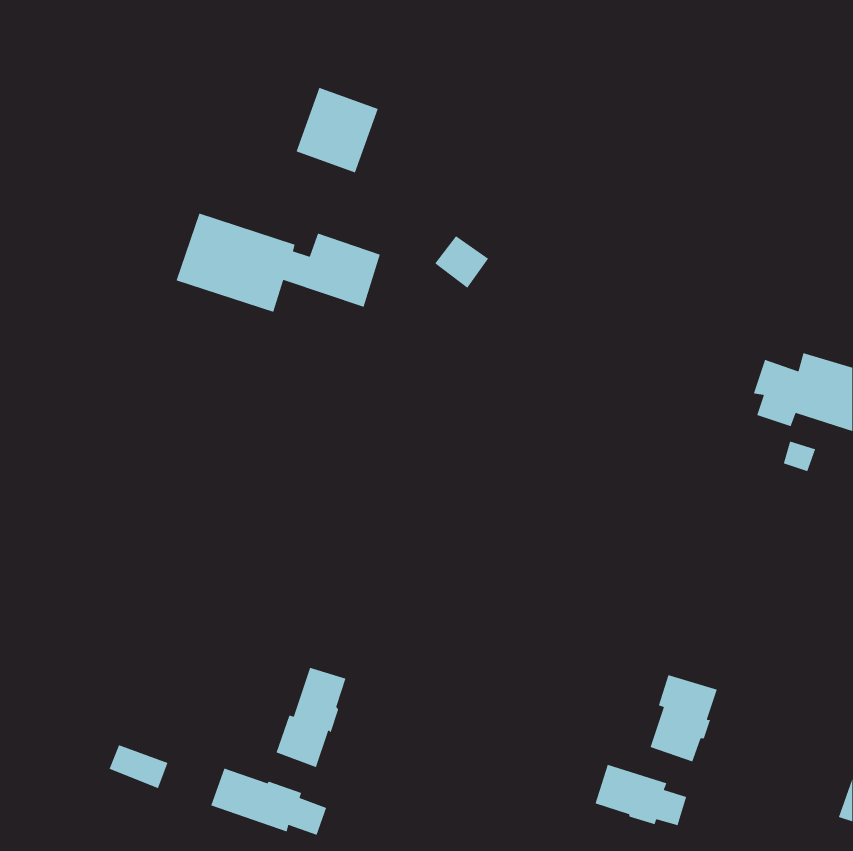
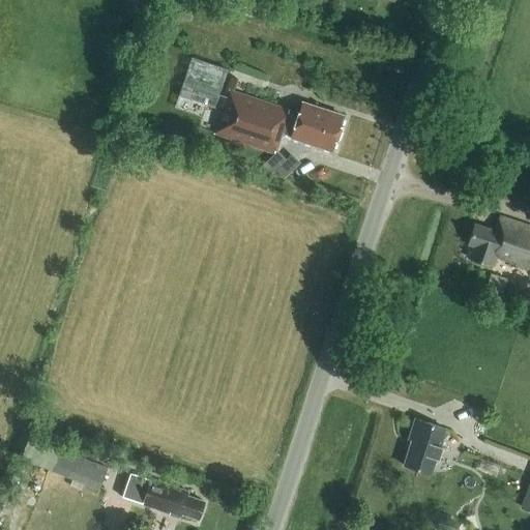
building: [175,213,381,313] -> [214,91,342,153]
building: [276,667,346,768] -> none
building: [595,764,687,826] -> none

